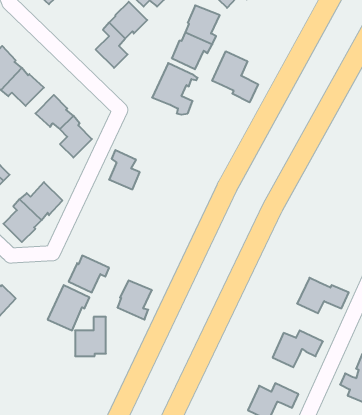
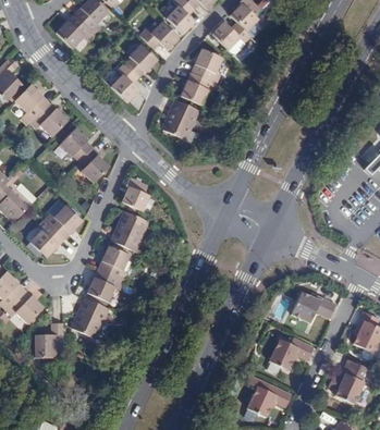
building: [212,51,258,102] -> none
building: none -> [112,210,146,251]
building: [117,280,152,320] -> [100,246,131,281]
building: [75,317,106,356] -> [35,322,62,357]

